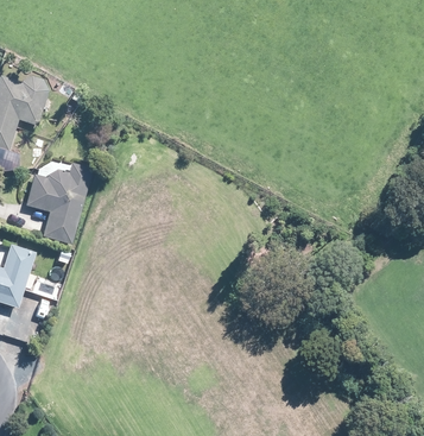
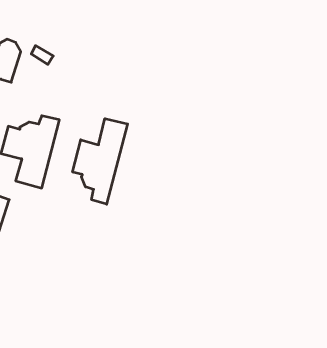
building: none -> [73,119,128,204]

